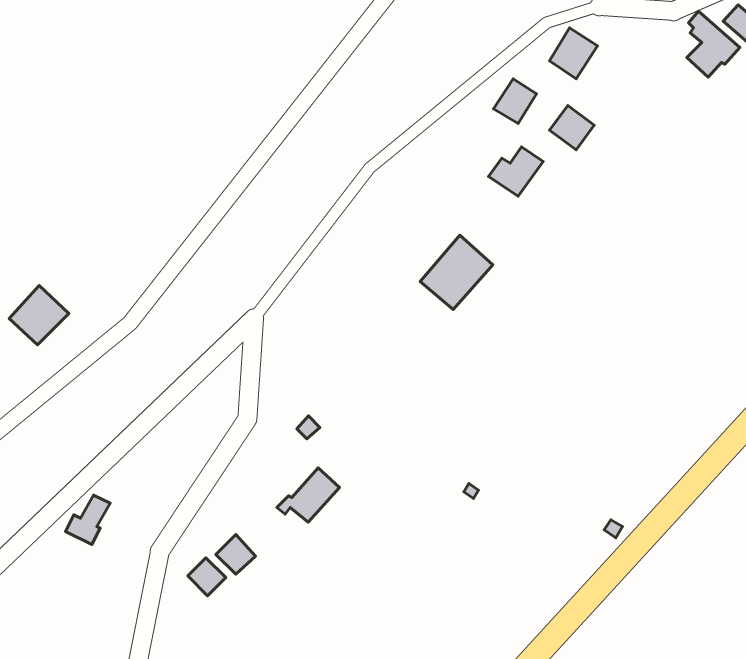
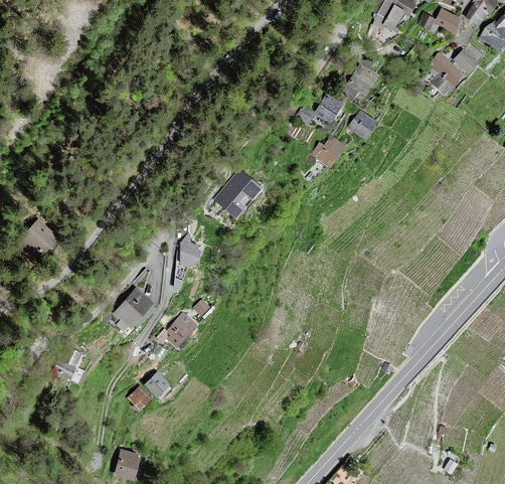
building: [420,235,493,309] -> [216,171,261,216]
building: none -> [179,234,199,267]
building: none -> [116,289,153,327]
building: [277,468,340,522] -> [158,313,196,346]

